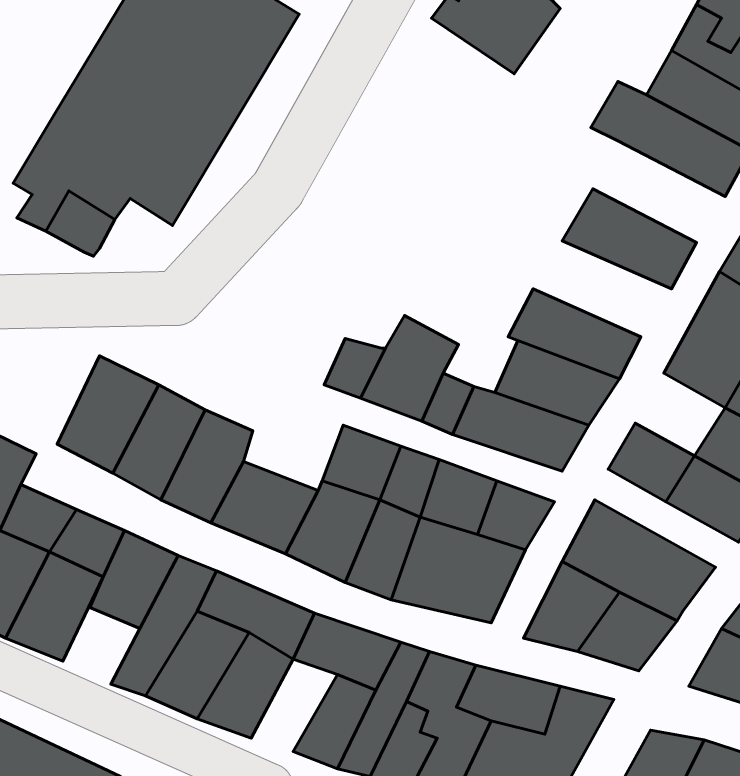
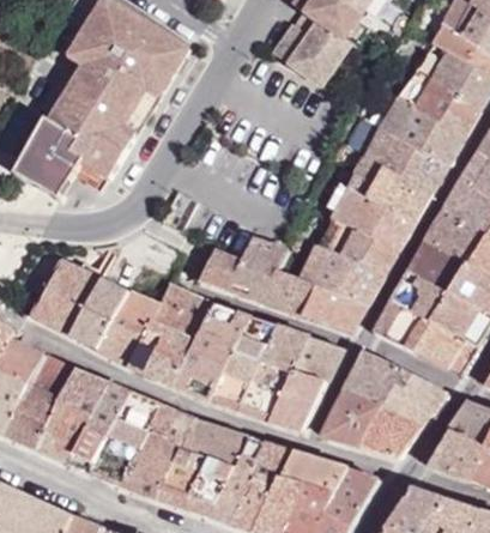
building: none -> [371,126,454,189]
building: none -> [334,188,421,248]
building: none -> [398,271,454,322]
building: none -> [153,286,216,344]
building: none -> [41,417,89,465]
building: none -> [158,449,212,507]

